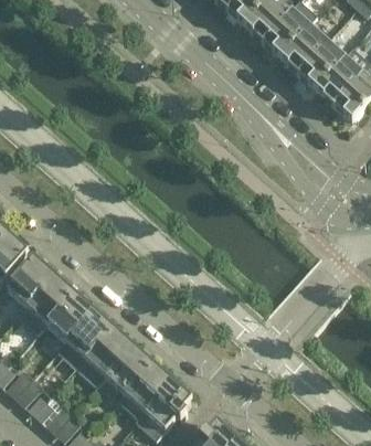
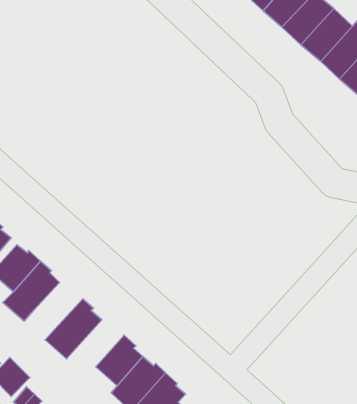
building: [46,297,93,341] -> none
building: [77,332,131,386] -> none

